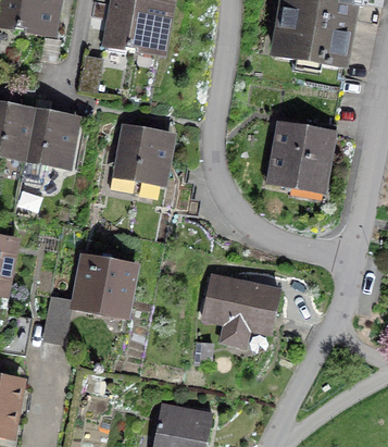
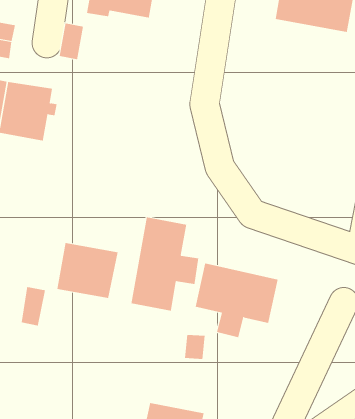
building: [267,121,337,191] -> none
building: [116,126,170,182] -> none
building: none -> [131,216,199,311]

